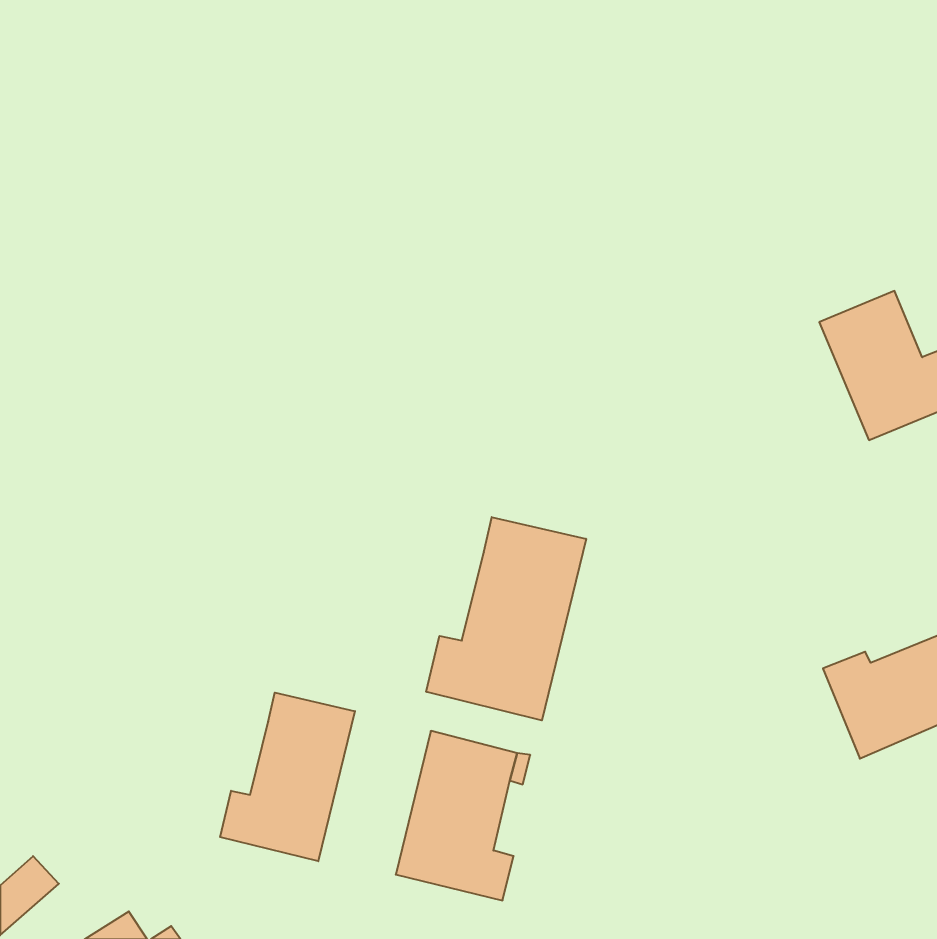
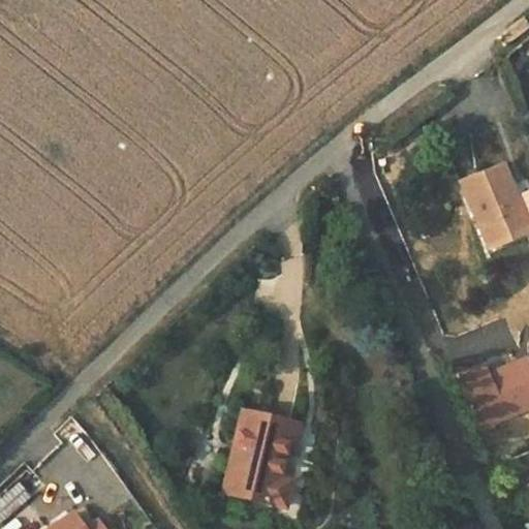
building: [426,517,586,720] -> none
building: [220,693,355,861] -> none

